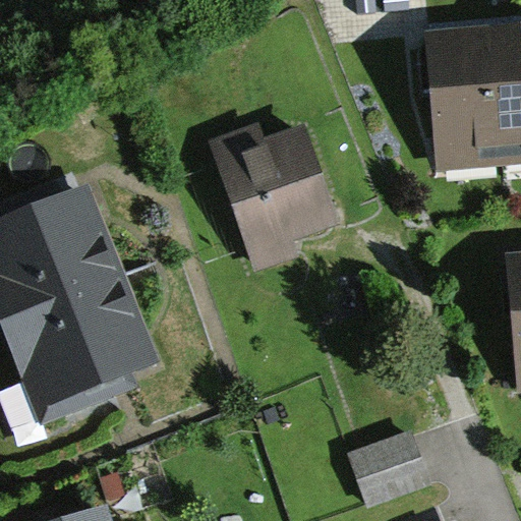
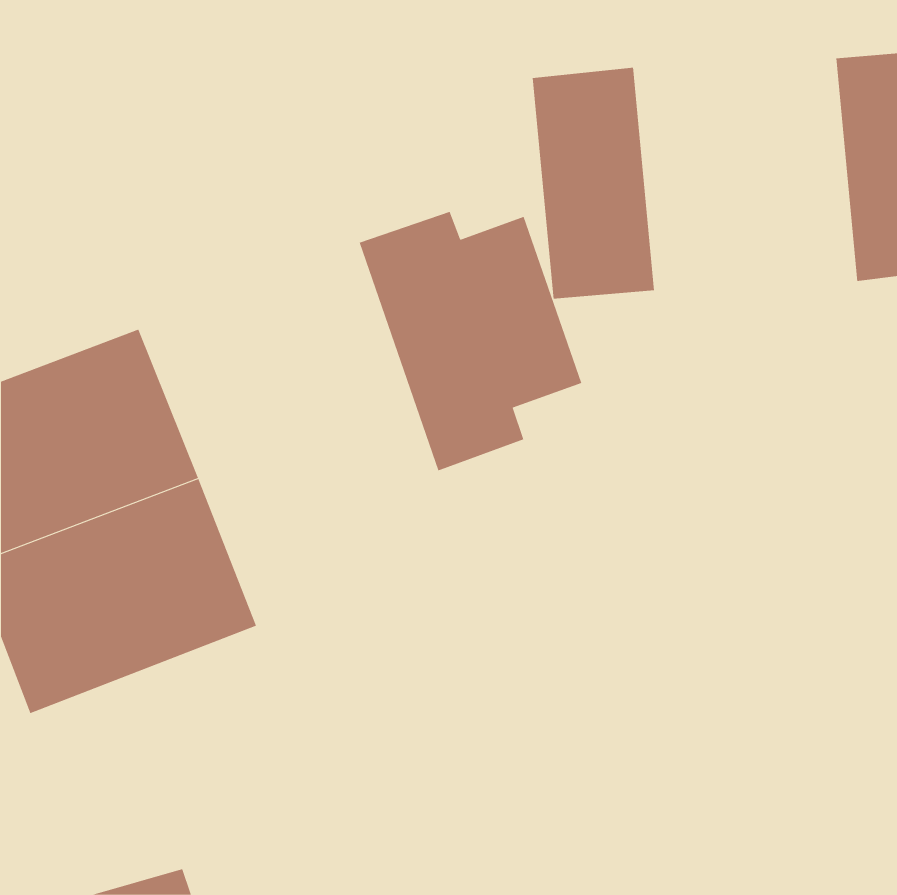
building: [425,34,497,168] -> [532,67,655,299]
building: [350,432,429,506] -> none

